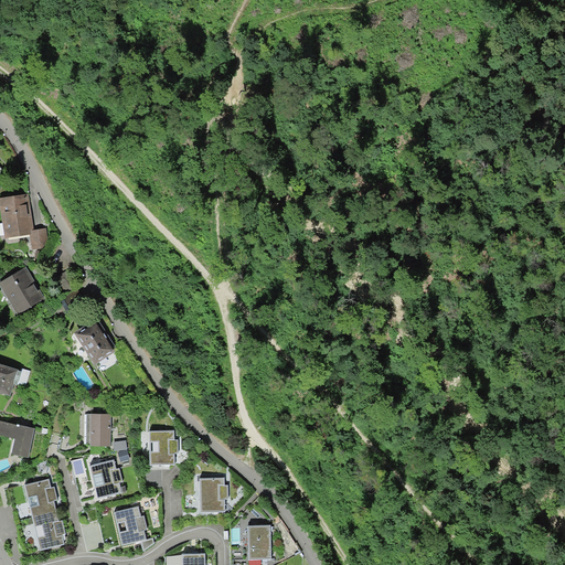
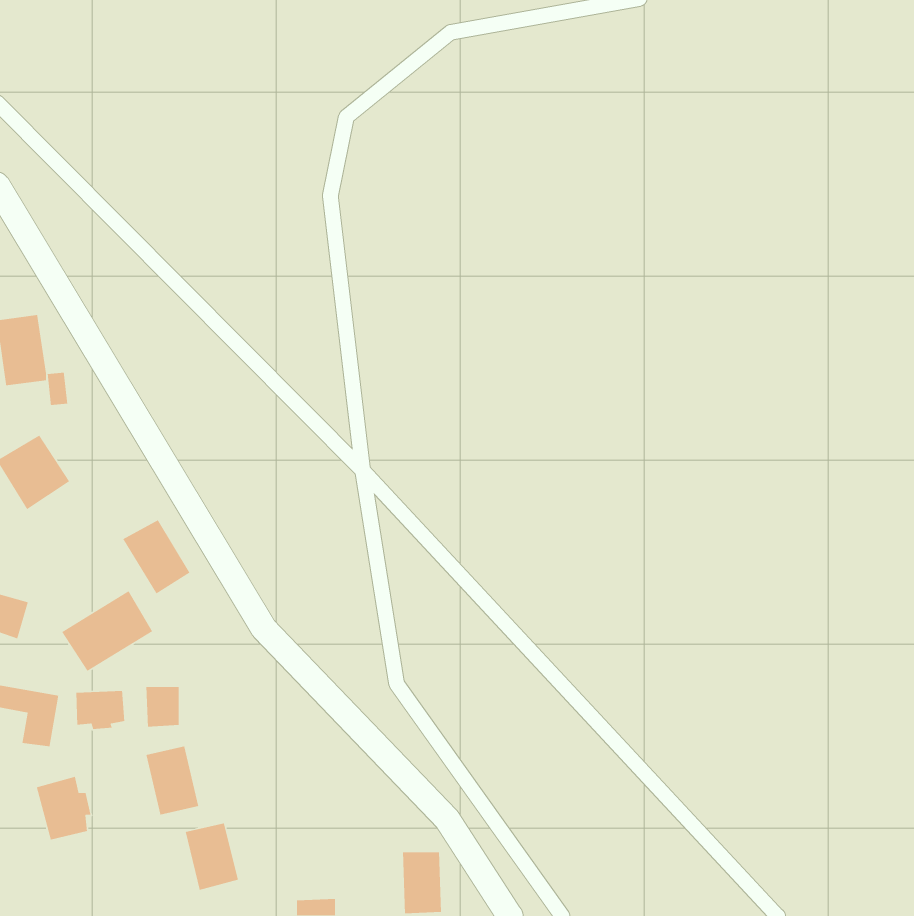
building: none -> [61,590,153,672]
building: none -> [75,690,125,730]
building: [148,429,175,467] -> none
building: [199,475,224,513] -> none
building: [31,511,64,548] -> none

